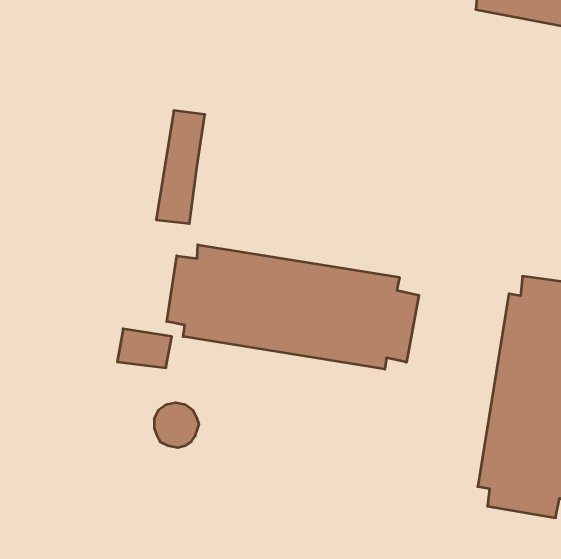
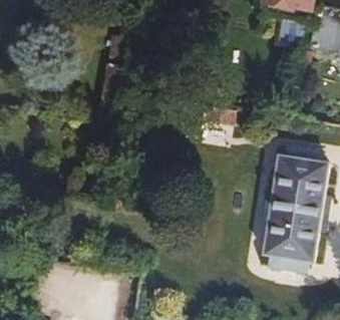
building: [167,245,419,369] -> none

